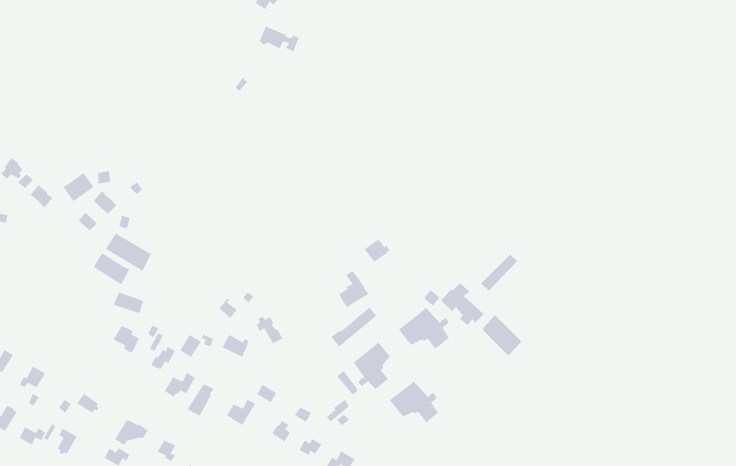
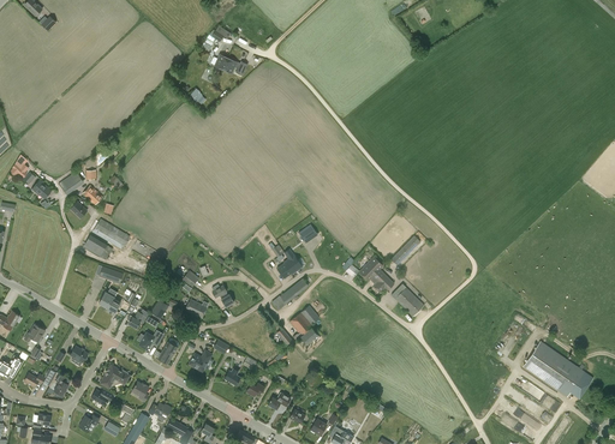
building: [398,307,450,350] -> none
building: [389,381,439,423] -> none
building: none -> [523,341,585,397]

